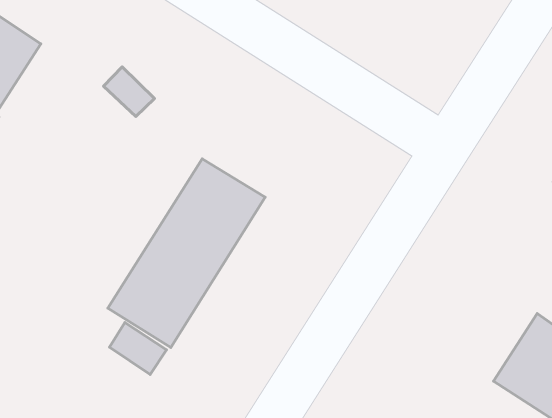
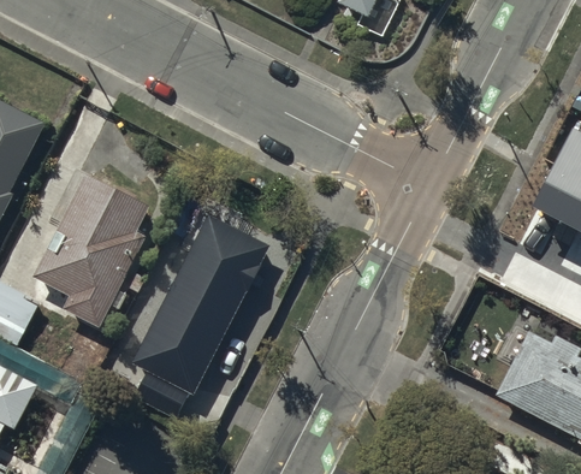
building: none -> [31,172,150,327]

